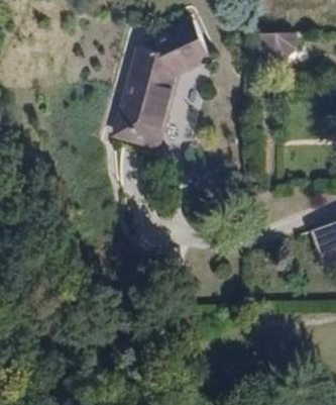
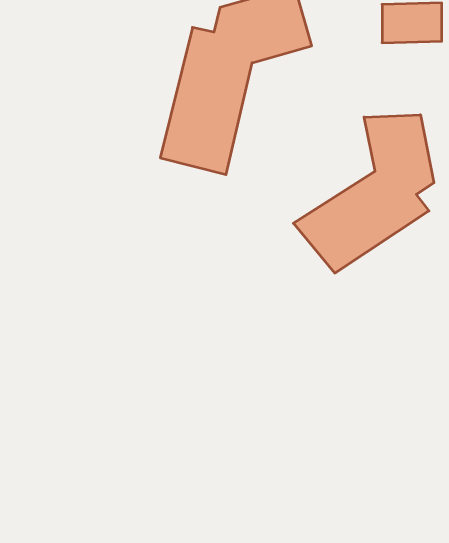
building: none -> [293,115,434,273]

